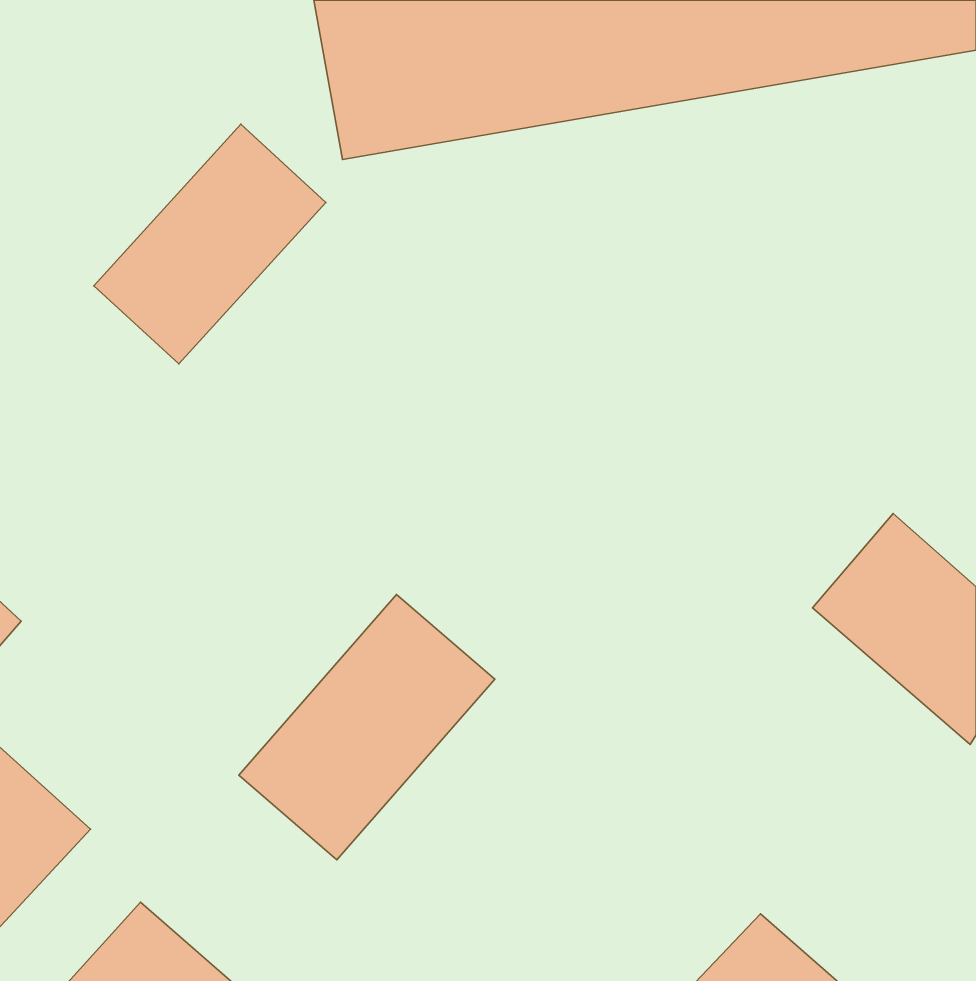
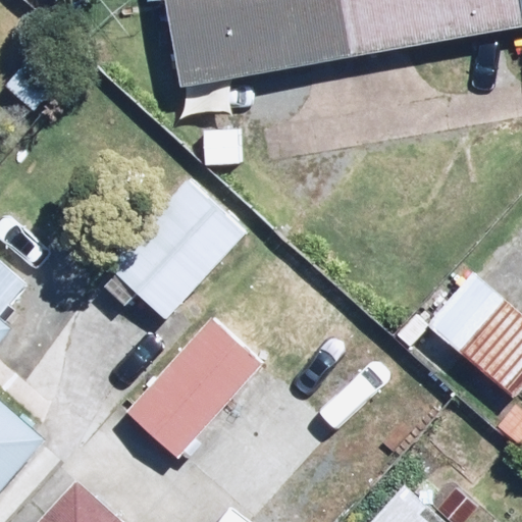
building: [94,124,326,364] -> none
building: none -> [106,180,246,321]

